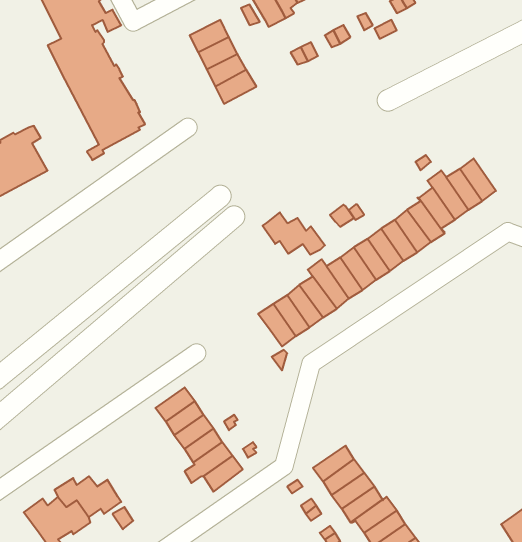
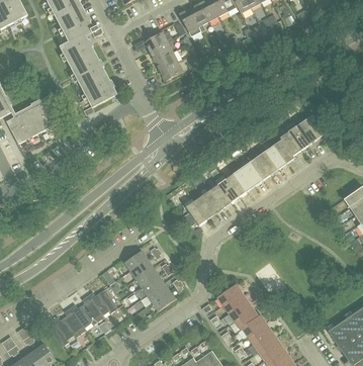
building: [263,212,325,255] -> none
building: none -> [81,288,117,314]

